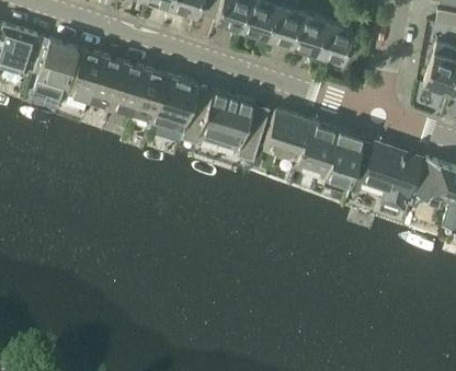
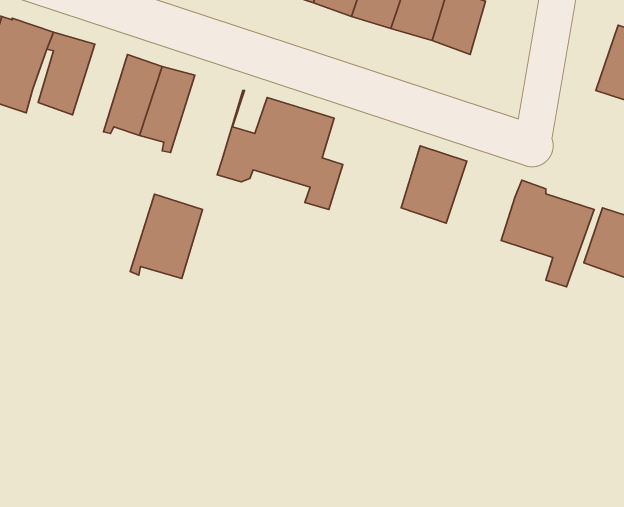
building: [90,56,125,112] -> none
building: [152,76,198,129] -> [130,194,203,278]
building: [264,109,311,160] -> none
building: [322,130,365,196] -> none

